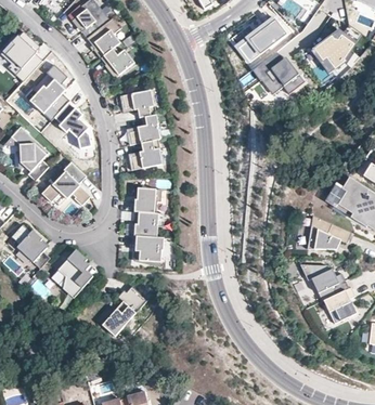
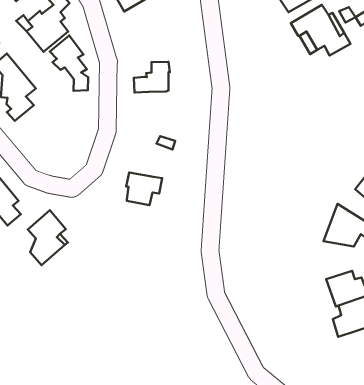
building: [122,90,156,117] -> none
building: [131,140,161,169] -> none
building: [41,162,91,206] -> none
building: [134,186,161,212] -> none
building: [131,235,164,261] -> none
building: [102,286,147,337] -> none

